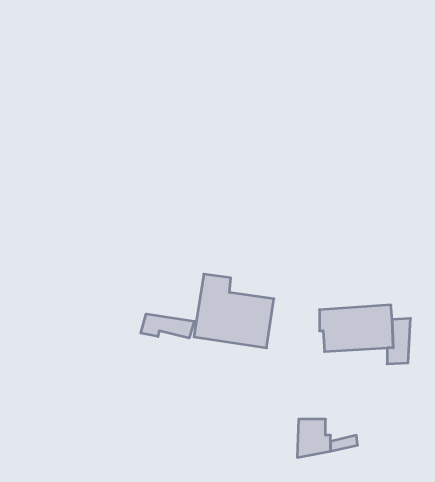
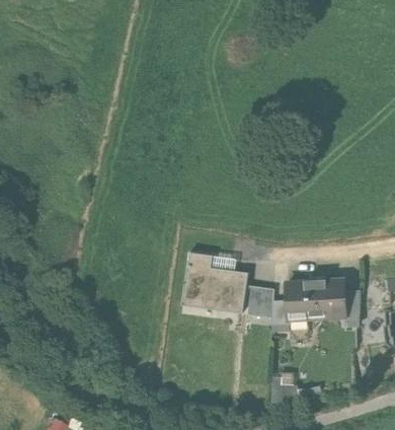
building: [141,314,194,338] -> none
building: none -> [247,286,290,332]

